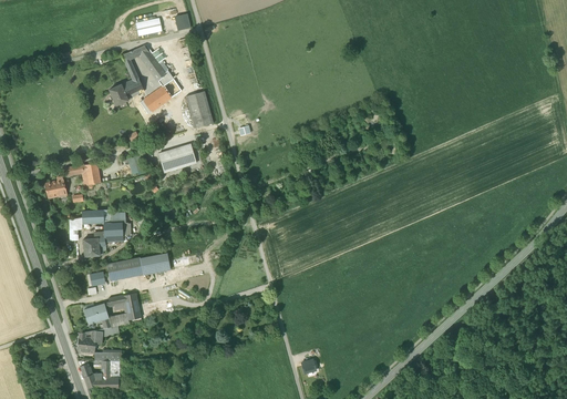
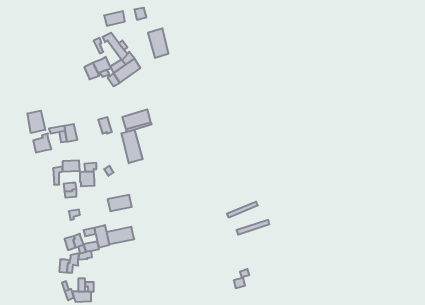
building: [186,91,213,129] -> [148,28,169,58]
building: none -> [27,111,45,133]
building: none -> [121,130,143,163]
building: [107,258,143,280] -> [107,227,134,244]

